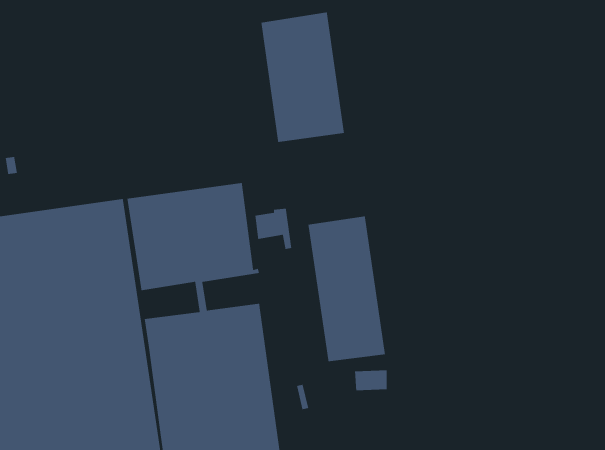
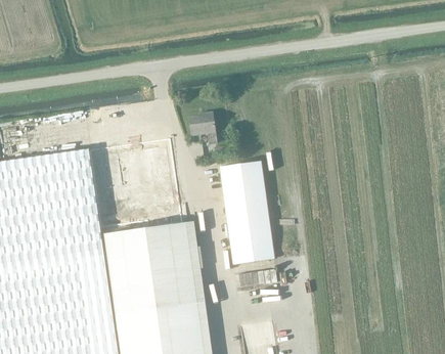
building: [261,11,345,143] -> none
building: [254,208,292,250] -> [189,113,216,142]

